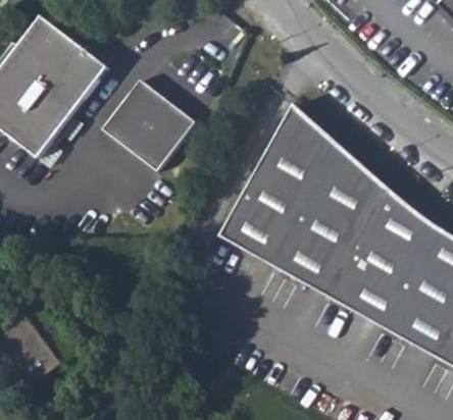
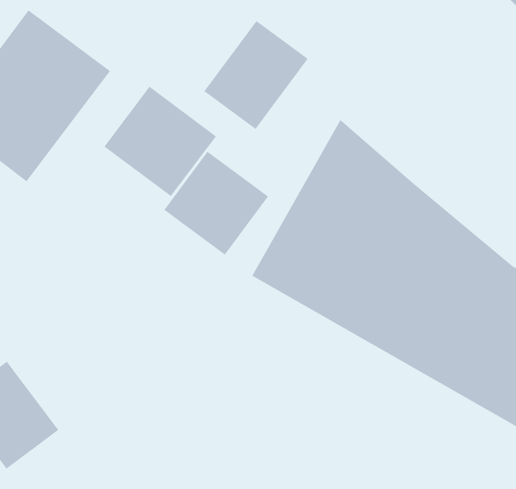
building: none -> [203,20,309,130]
building: none -> [163,151,269,255]

